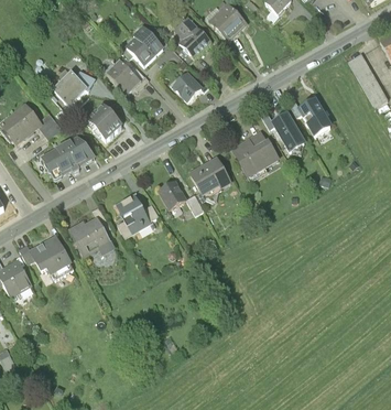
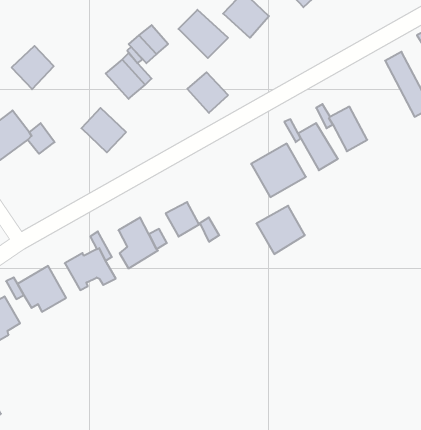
building: [52,68,88,106] -> [12,46,54,89]
building: [42,137,95,177] -> none
building: [189,157,231,198] -> [256,206,305,254]

